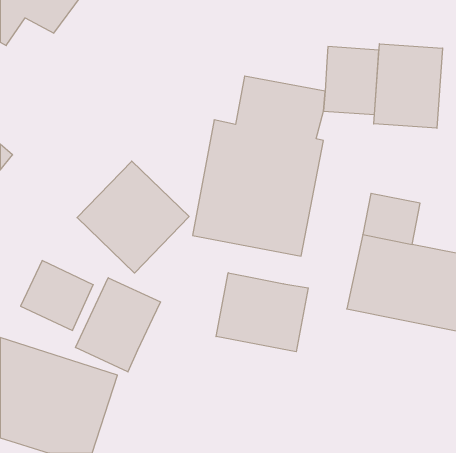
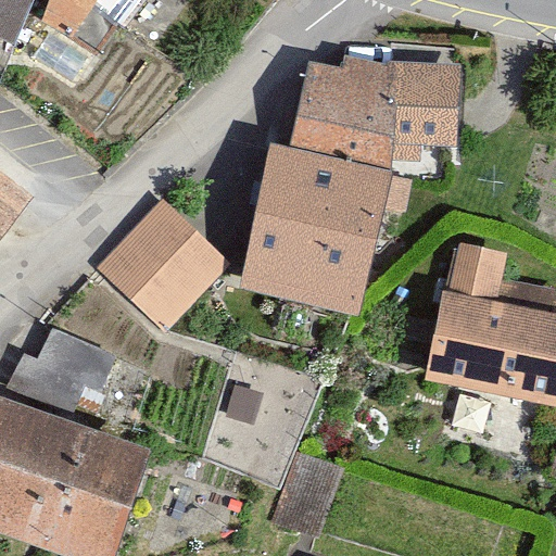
building: [374,44,443,128] -> none
building: [216,273,308,352] -> none
building: [76,278,160,372] -> none

